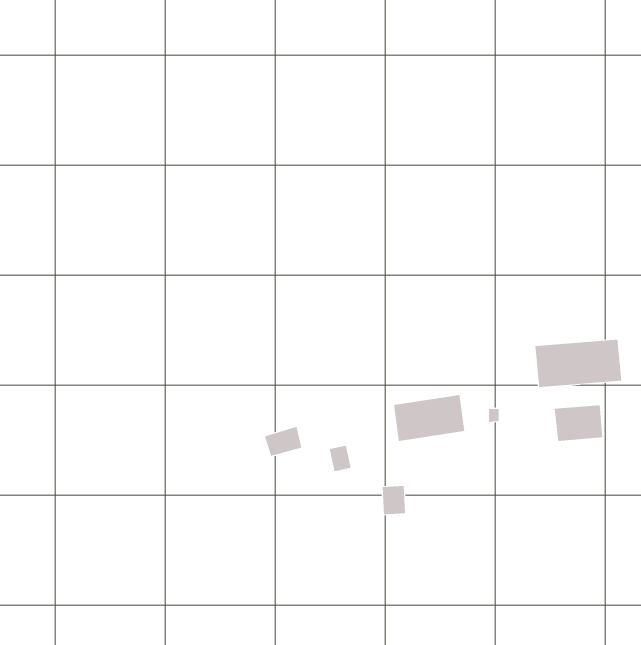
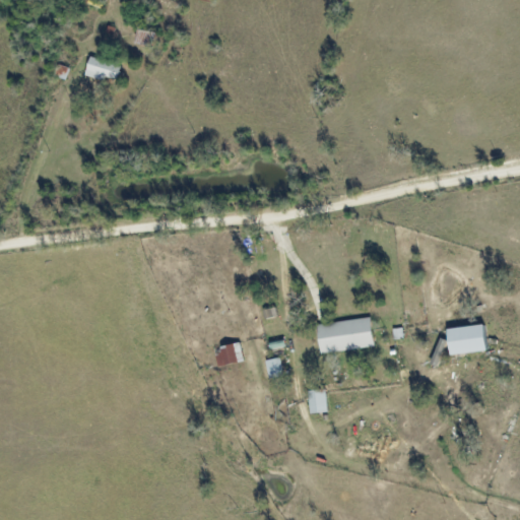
building: none -> [83,56,120,82]
building: [535,339,622,388] -> none

